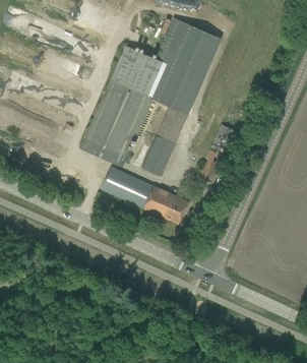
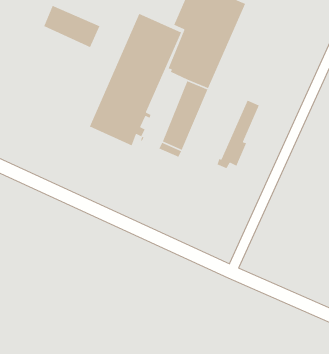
building: none -> [43,5,100,48]
building: [101,167,188,224] -> none

